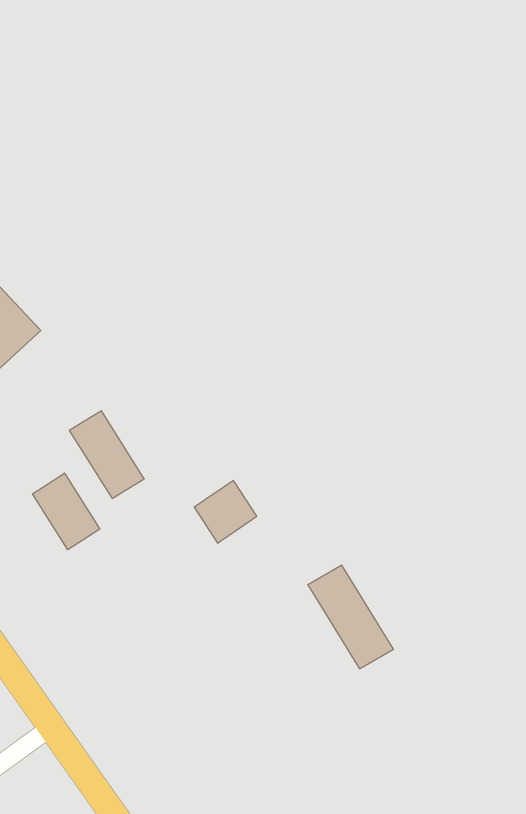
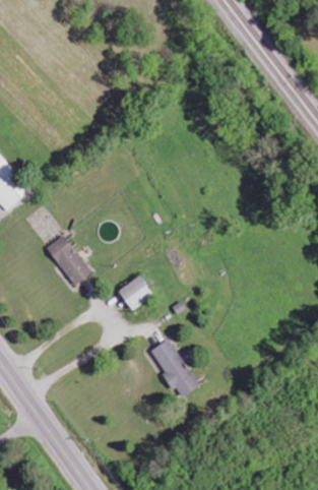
building: [33,473,100,550] -> none
building: [308,565,393,669] -> [150,339,199,397]

